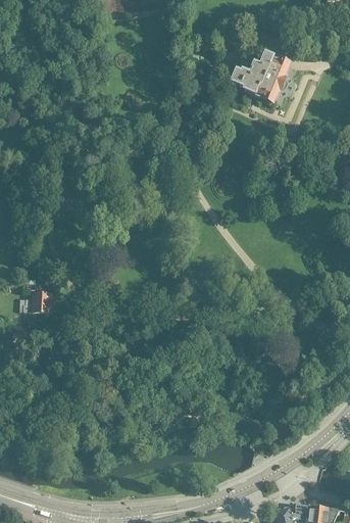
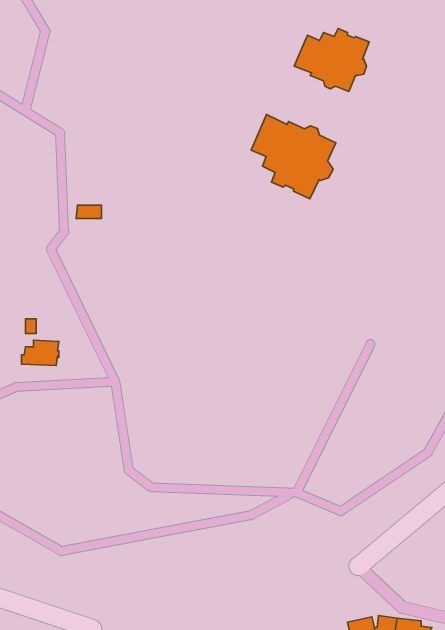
building: none -> [251,115,336,199]

